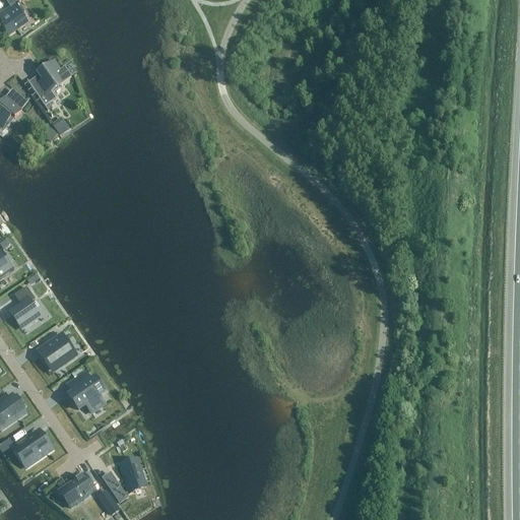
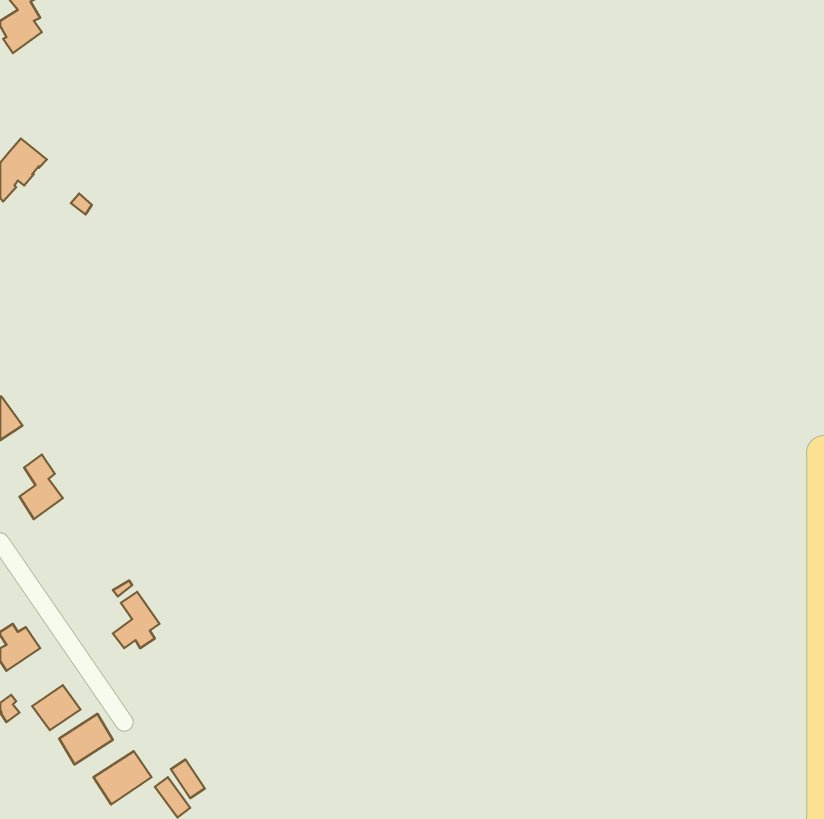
building: [28,61,71,104] -> none
building: [41,331,74,368] -> none
building: none -> [59,714,113,765]
building: [120,457,145,490] -> none

